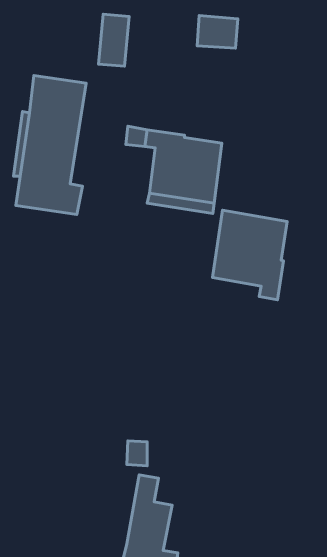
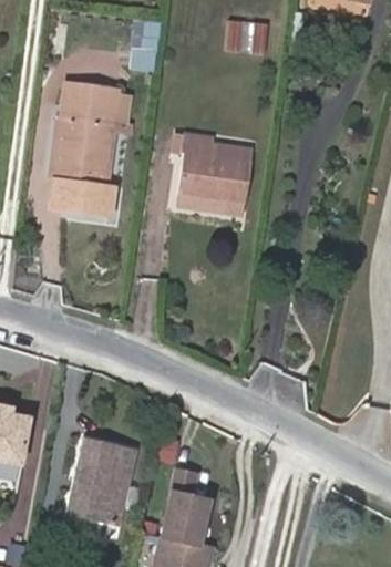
building: [213,210,287,300] -> none
building: none -> [69,440,137,529]

